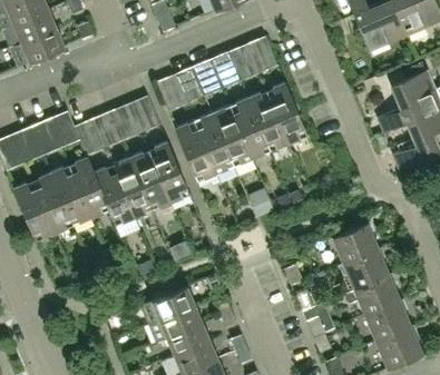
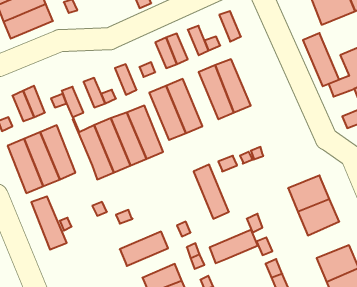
building: [266,82,307,142] -> [303,33,339,86]
building: [212,105,252,166] -> [194,165,229,219]
building: [69,158,109,218] -> [31,196,67,250]
building: [353,274,400,315] -> none
building: [148,304,203,342] -> [210,230,258,263]

